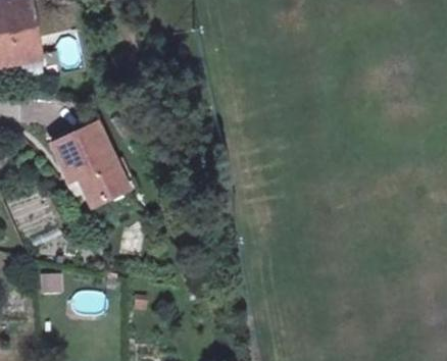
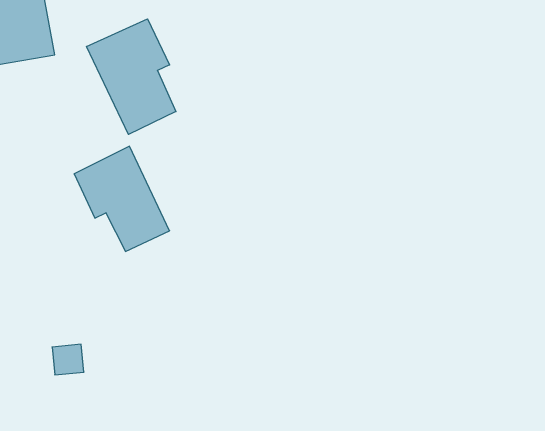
building: none -> [87,19,176,134]

